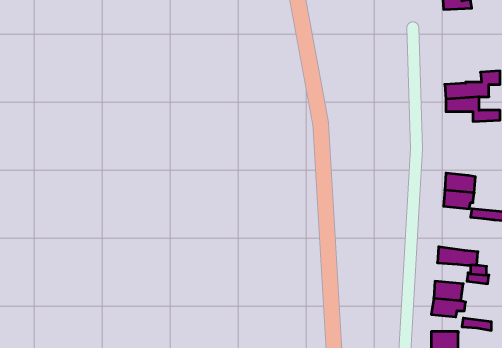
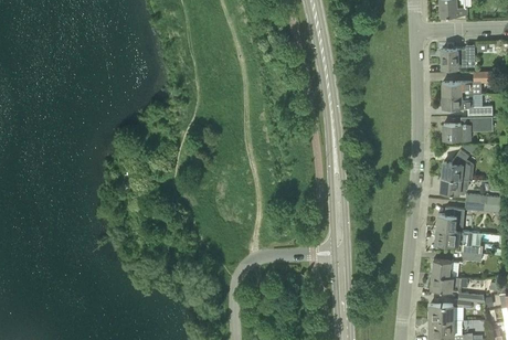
building: none -> [442,46,474,67]
building: none -> [443,117,470,140]
building: none -> [436,208,463,232]

